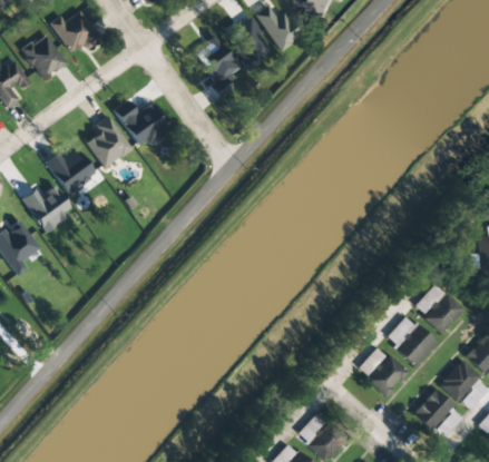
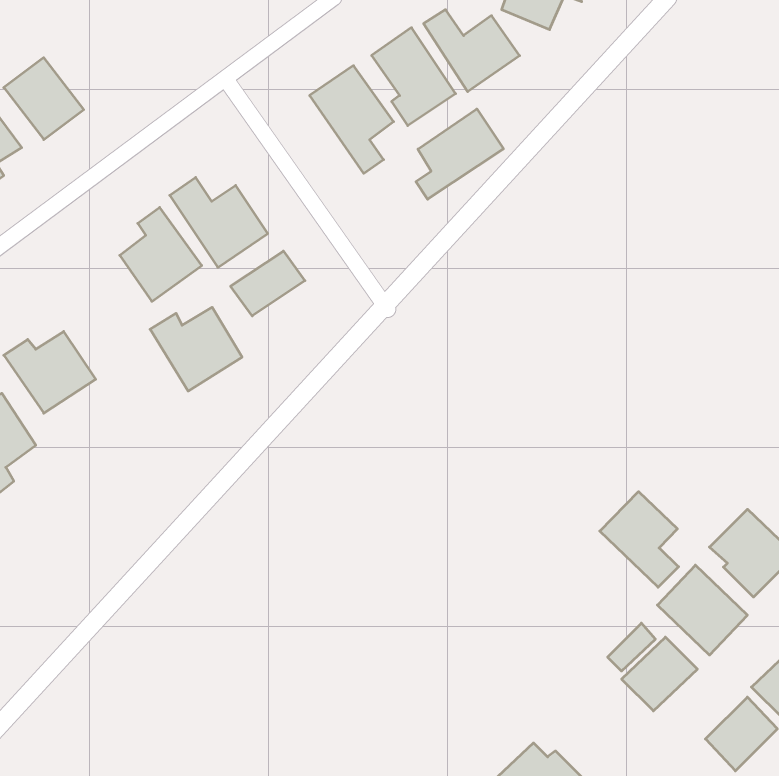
building: [56,11,94,51] -> none
building: none -> [416,109,503,199]
building: none -> [231,251,305,316]
building: [45,148,96,195] -> [150,307,242,391]
building: none -> [600,492,679,587]

